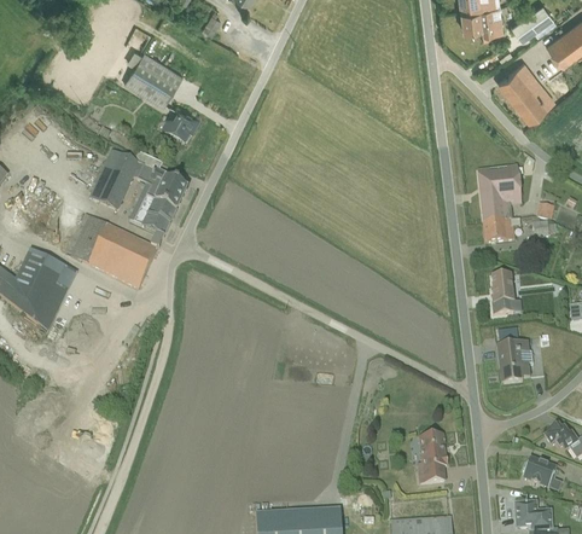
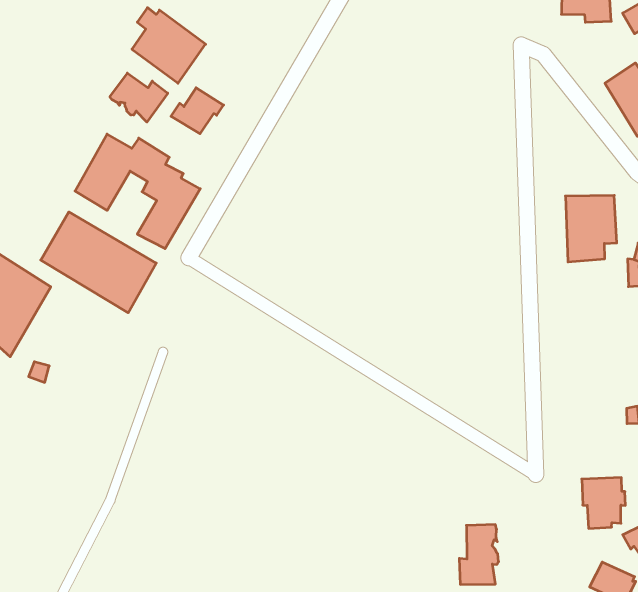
building: none -> [110,73,168,122]
building: [484,216,516,240] -> none
building: [491,273,514,314] -> none
building: [496,341,532,383] -> [582,478,625,528]

